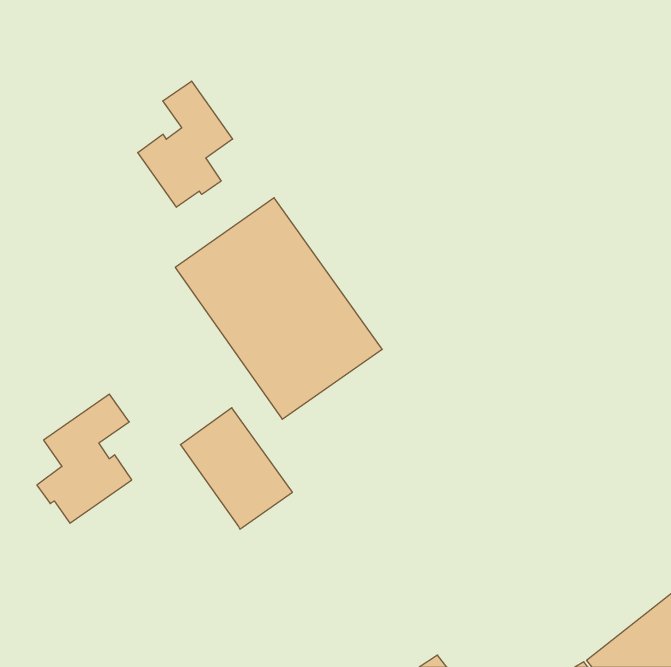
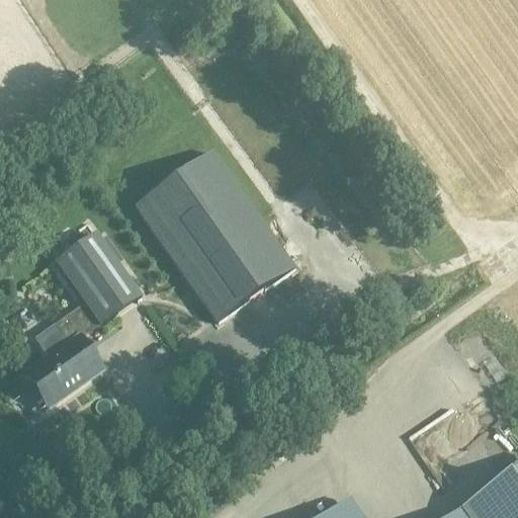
building: [138,81,233,207] -> none
building: [180,408,292,529] -> [57,233,143,326]

